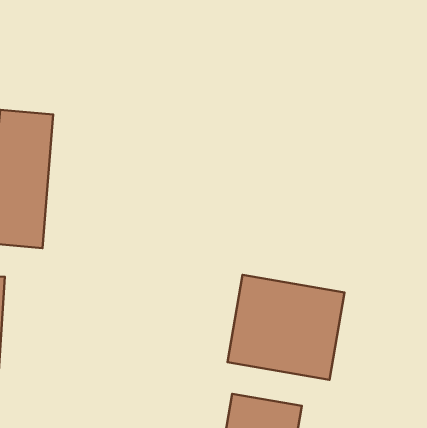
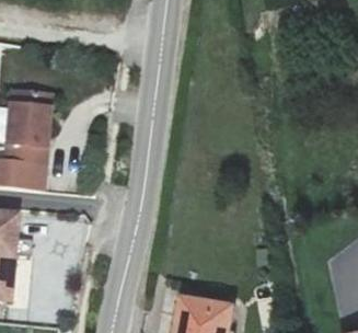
building: [228,275,344,380] -> none

